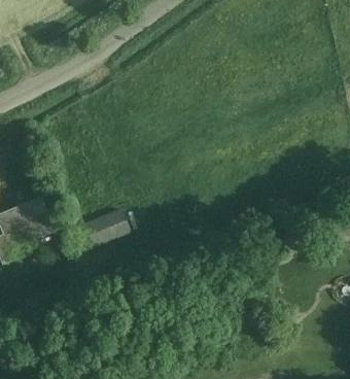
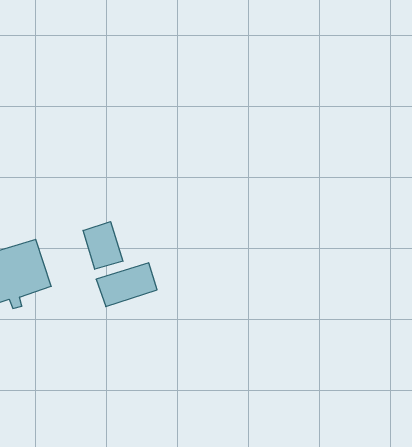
building: none -> [83,222,123,269]

